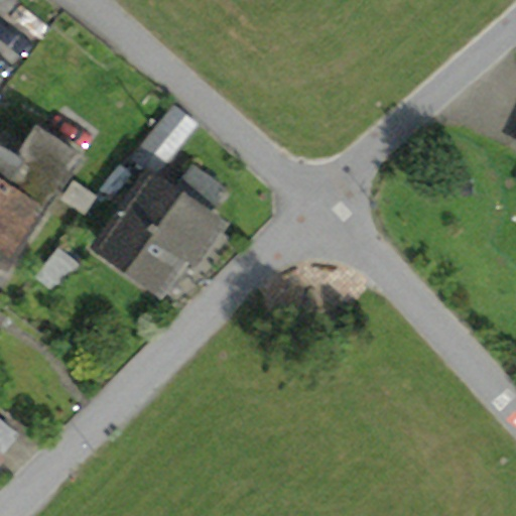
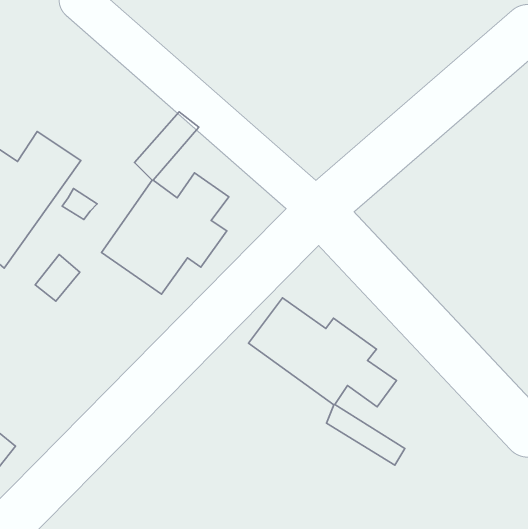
building: none -> [249,298,405,465]

